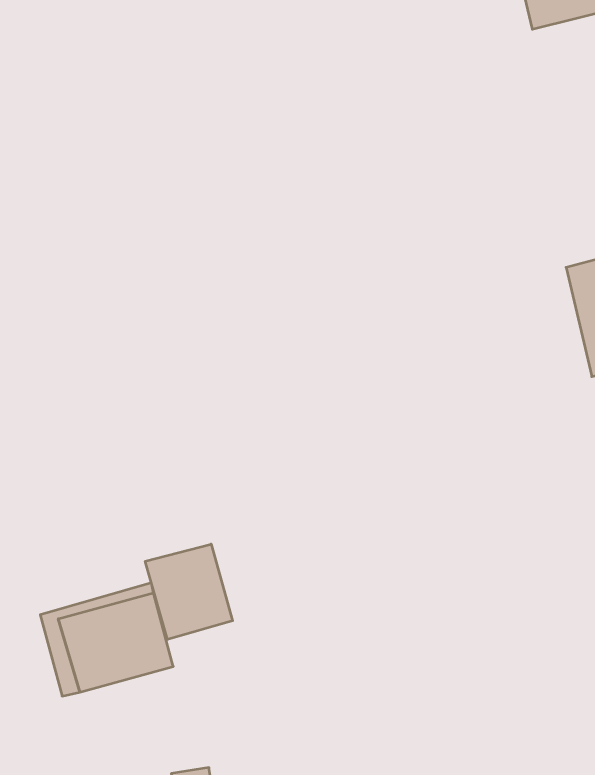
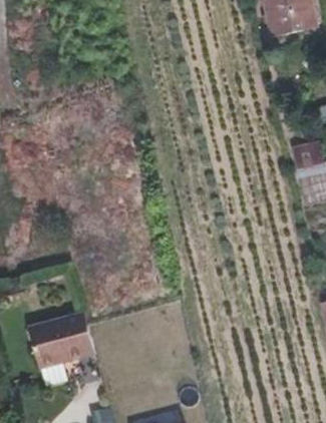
building: [145,544,233,639] -> none

